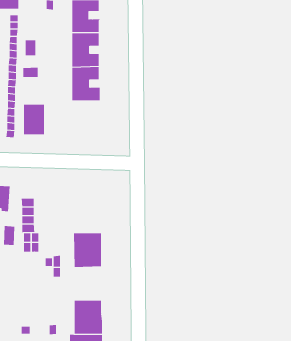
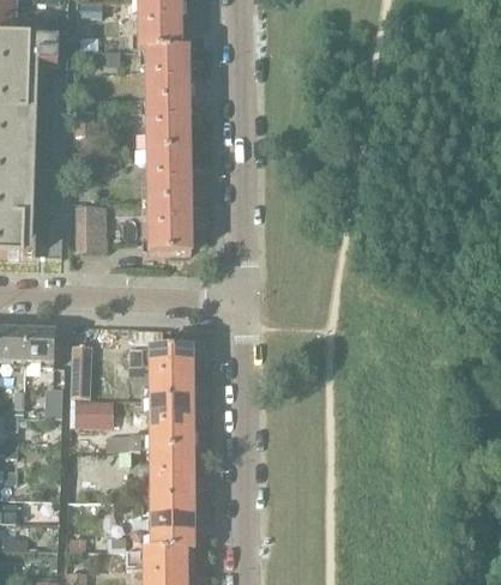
building: none -> [147,201,192,253]
building: none -> [129,346,193,398]
building: none -> [151,448,194,499]

